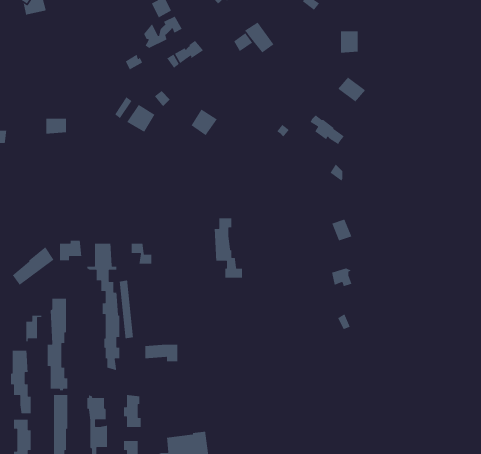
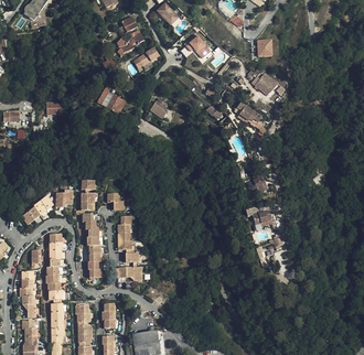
building: [214,217,243,278] -> [117,217,138,261]

